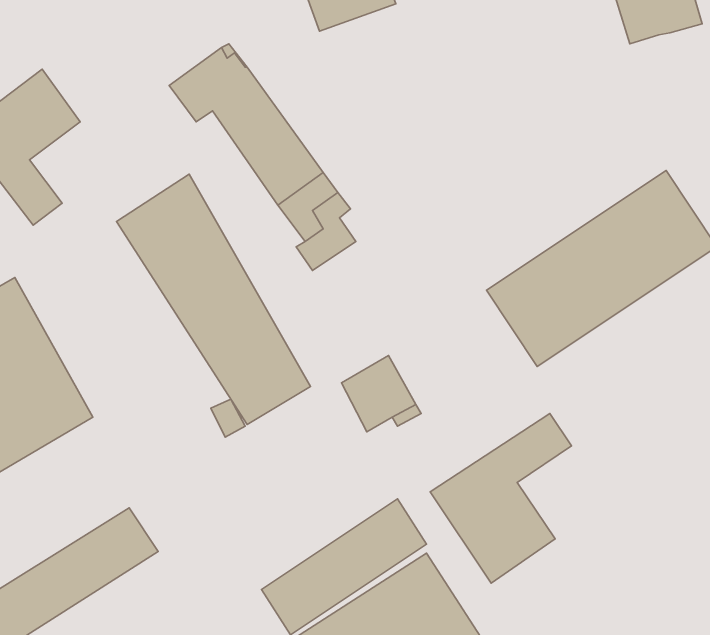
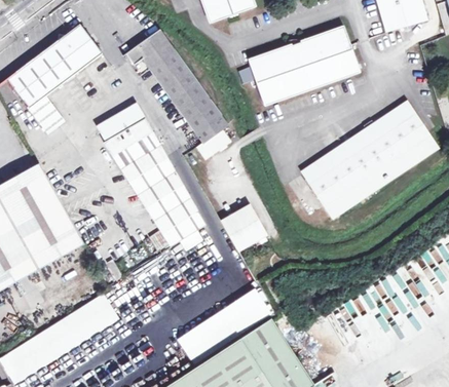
building: none -> [53,25,103,75]
building: none -> [248,28,359,105]
building: [430,414,571,583] -> none

